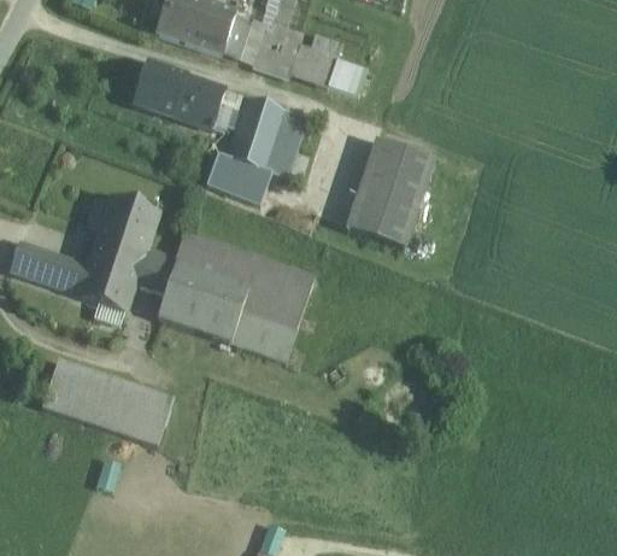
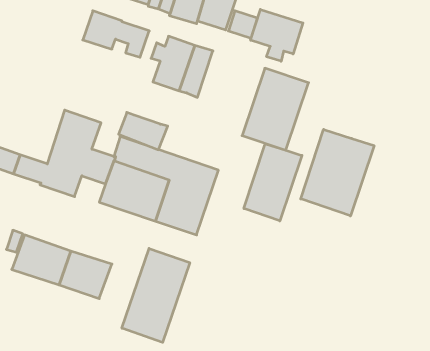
building: none -> [251,9,303,61]
building: [207,152,272,201] -> [119,112,168,150]
building: none -> [301,129,374,216]
building: none -> [244,144,302,221]
building: none -> [122,248,190,342]

